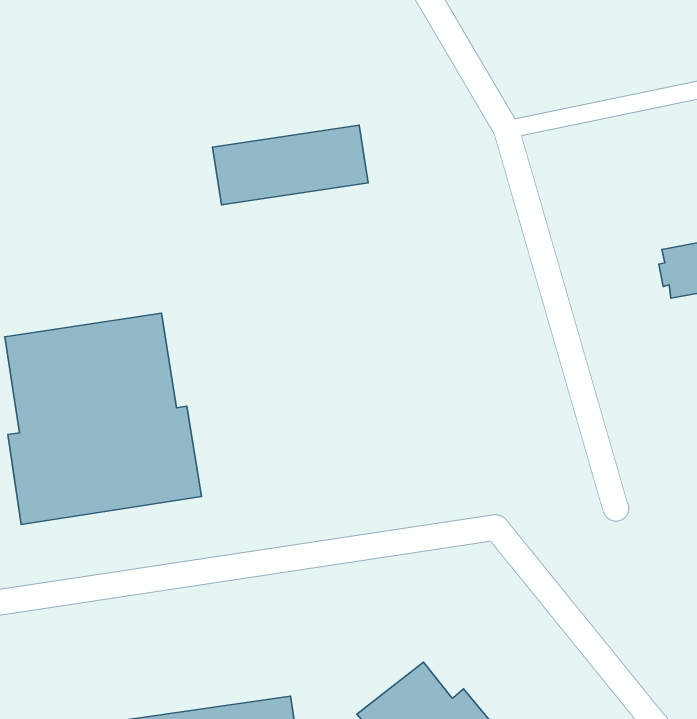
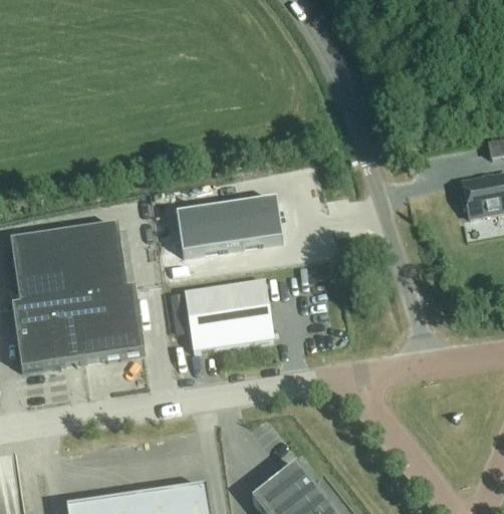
building: [213,125,368,205] -> [177,200,282,254]
building: none -> [184,279,273,351]

